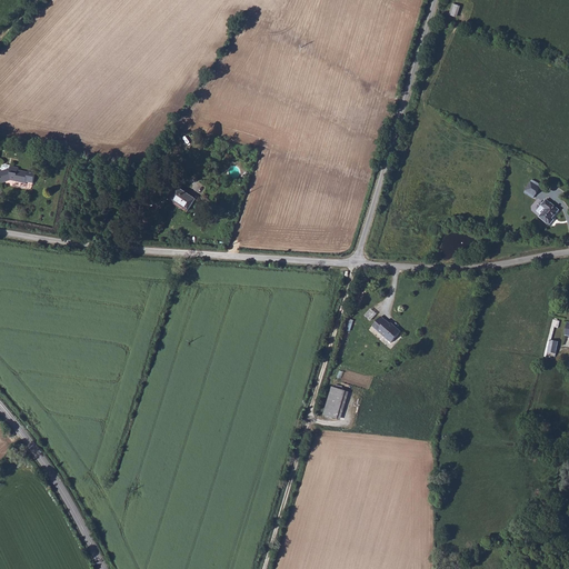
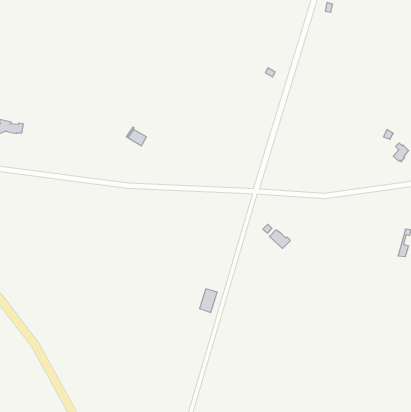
building: [320,390,345,422] -> [199,289,217,312]

